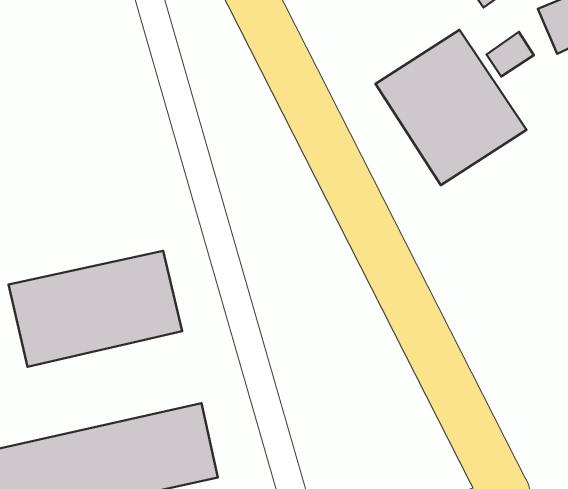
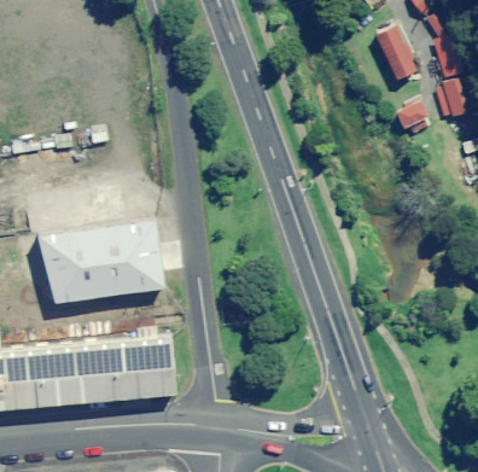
building: [375,30,527,185] -> none

